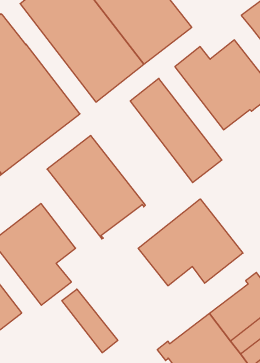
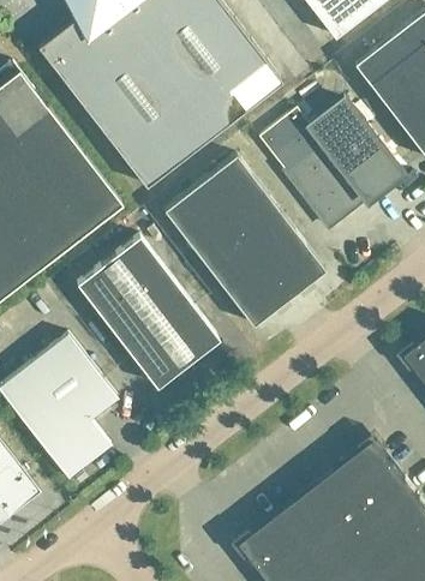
building: none -> [163,187,283,327]
building: [138,199,243,286] -> none
building: [62,289,118,353] -> none

